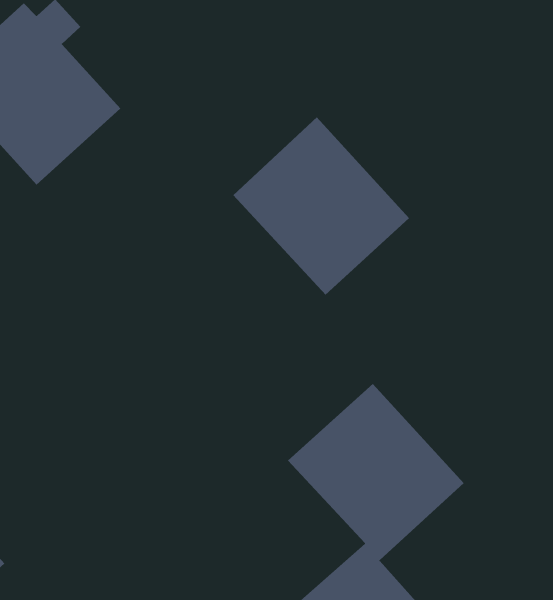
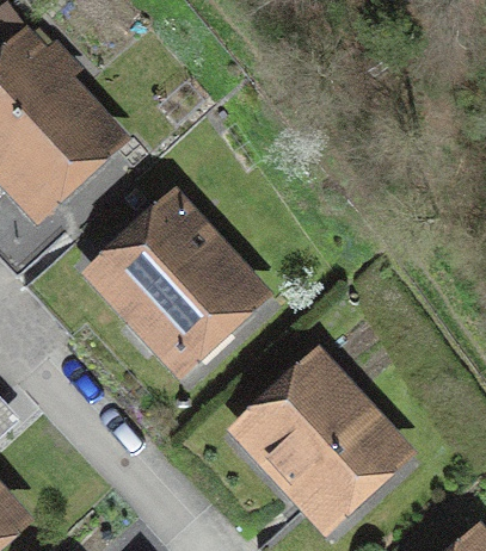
building: [232,117,410,295] -> [106,209,254,358]

